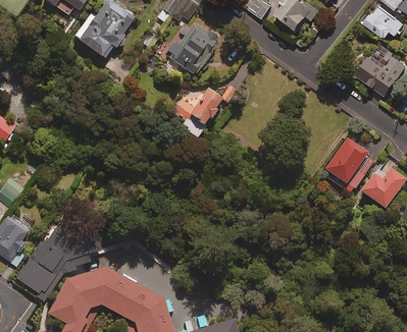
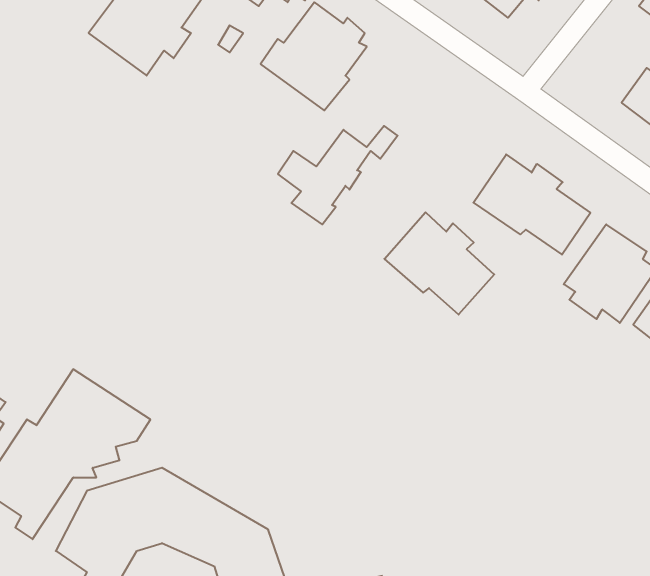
building: none -> [473,154,590,255]
building: none -> [384,212,494,315]

